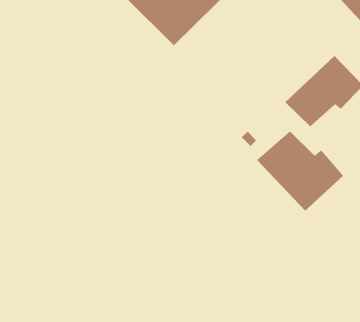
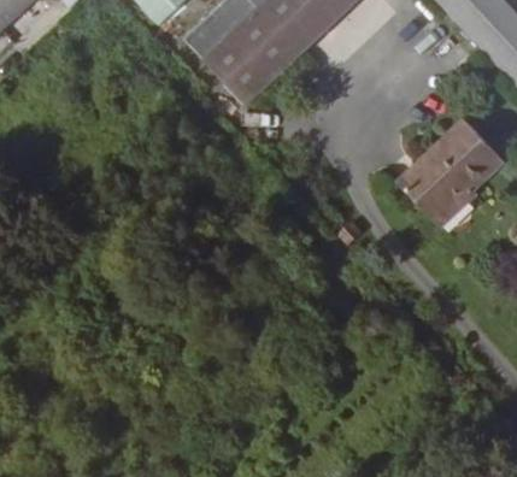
building: [256,130,344,212] -> none

